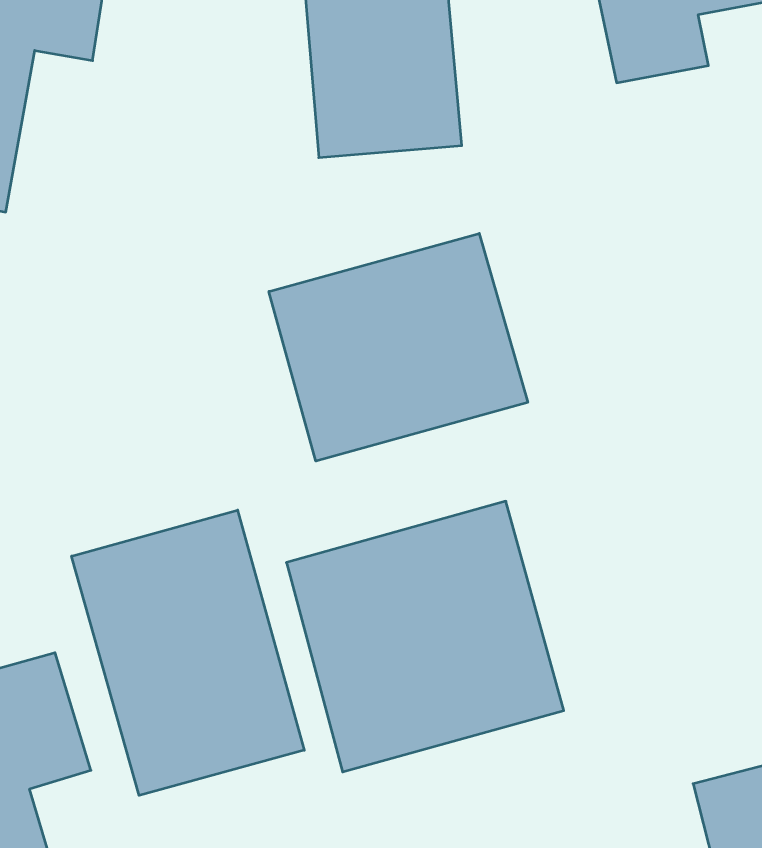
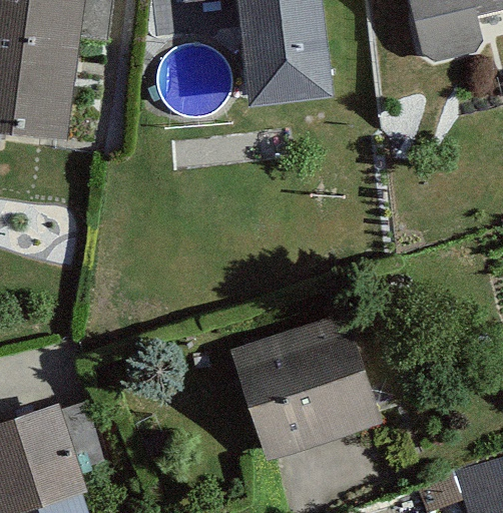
building: [269,233,528,461] -> none
building: [72,510,304,795] -> none

